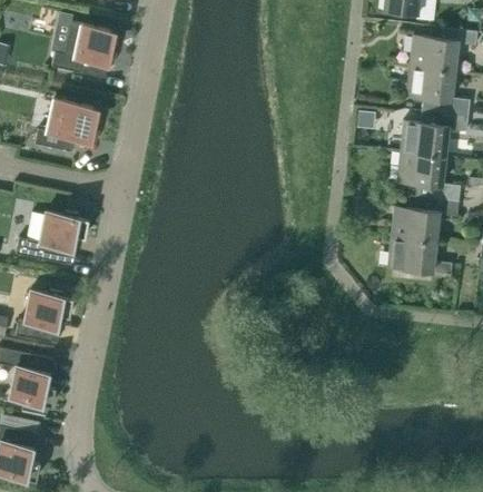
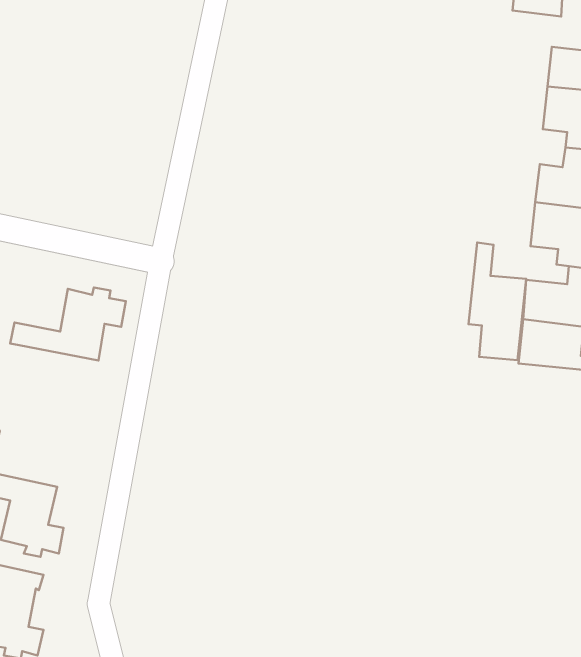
building: [52,21,119,72] -> none
building: [34,99,100,152] -> none
building: none -> [468,243,526,360]
building: [16,288,72,343] -> none

